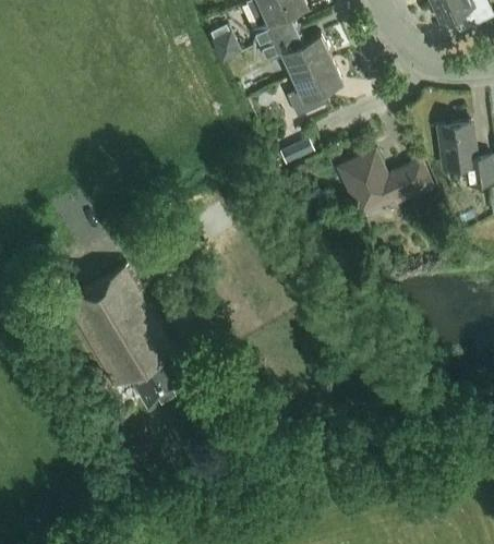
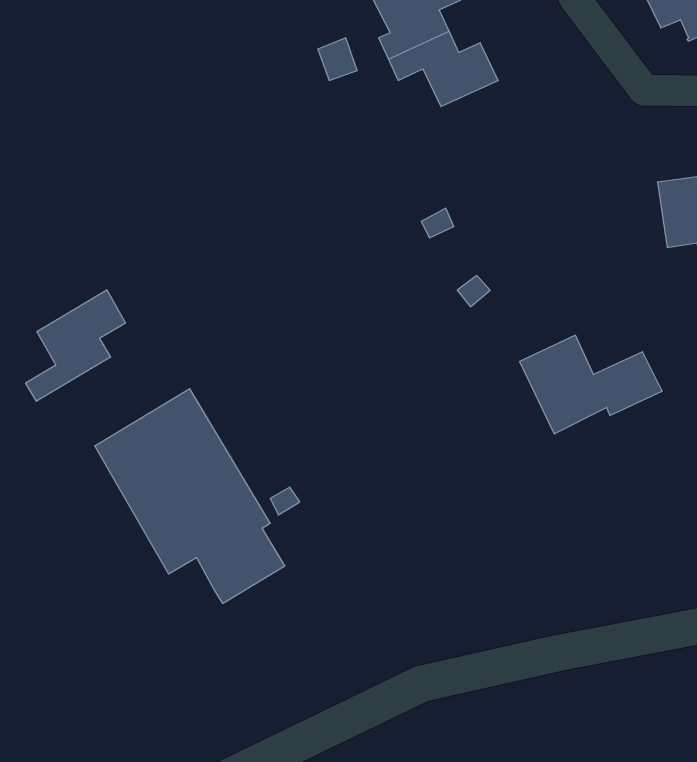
building: [287,58,342,116] -> none
building: [338,148,433,214] -> [520,335,662,434]
building: none -> [26,290,126,401]

